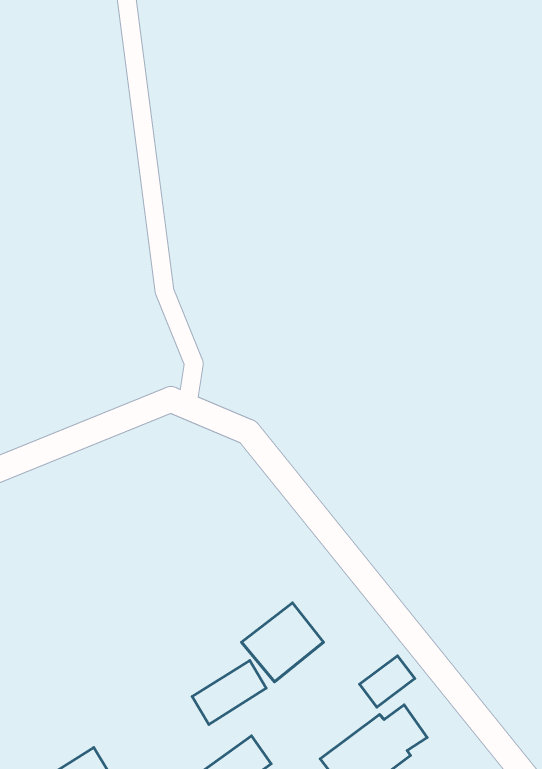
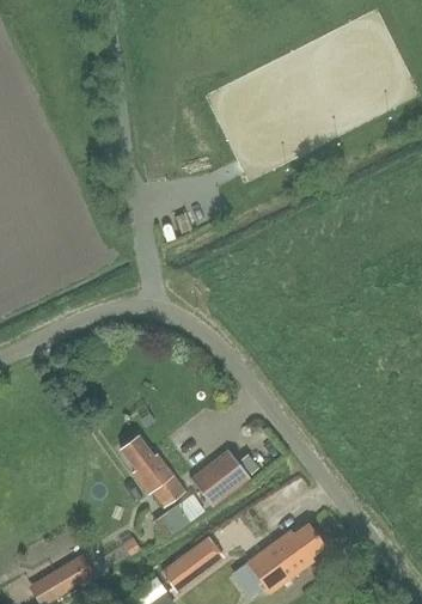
building: none -> [121,435,185,507]
building: [359,656,415,707] -> none

